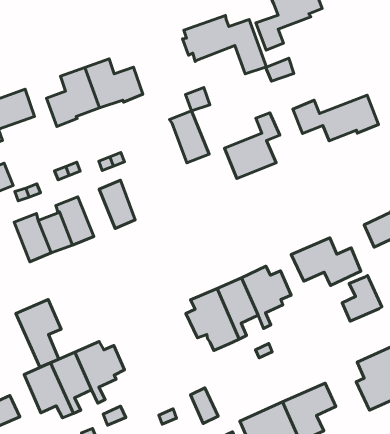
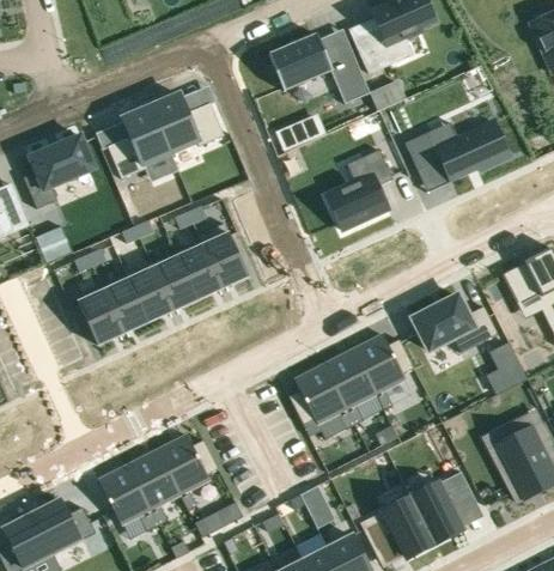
building: [169,111,209,163] -> [199,223,249,286]
building: none -> [152,251,199,309]
building: [16,299,61,367] -> none

